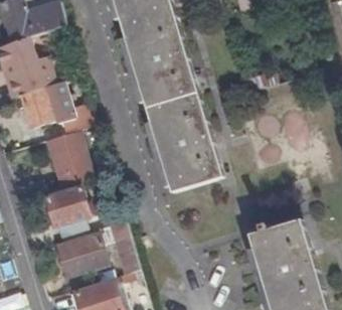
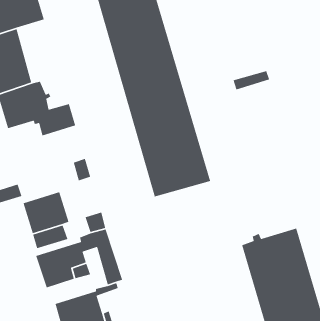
building: [44,134,91,189] -> none

